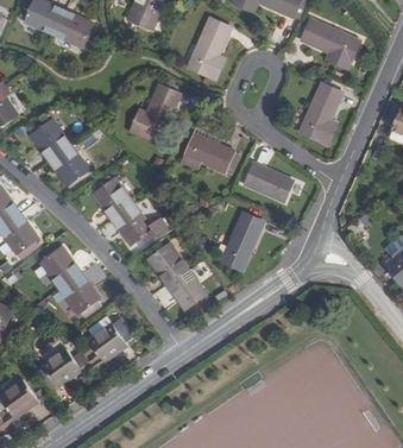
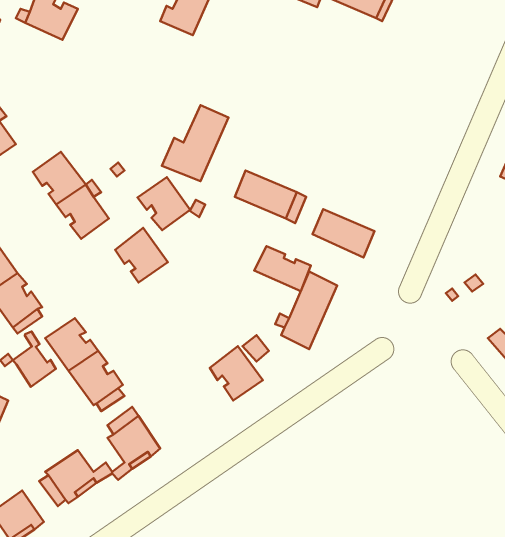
building: [52,10,93,48] -> none
building: [187,17,229,78] -> none
building: [301,18,359,68] -> none
building: [298,81,341,143] -> none
building: none -> [254,246,311,291]
building: [111,203,151,244] -> [137,177,190,230]
building: [146,242,187,284] -> none
building: none -> [13,332,56,387]

